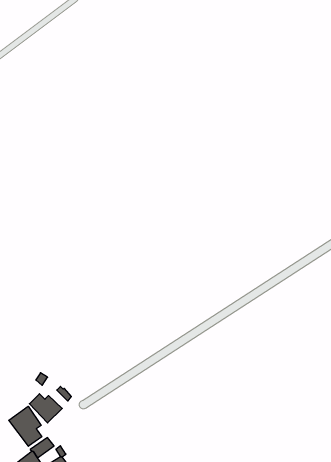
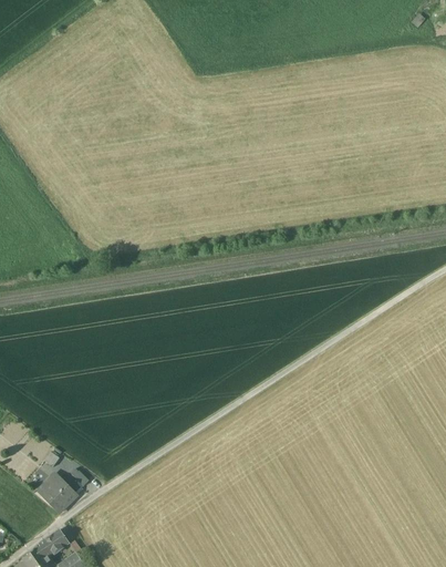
building: [9,406,42,446] -> none

